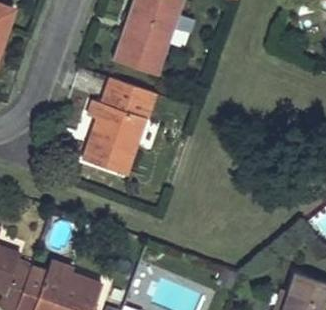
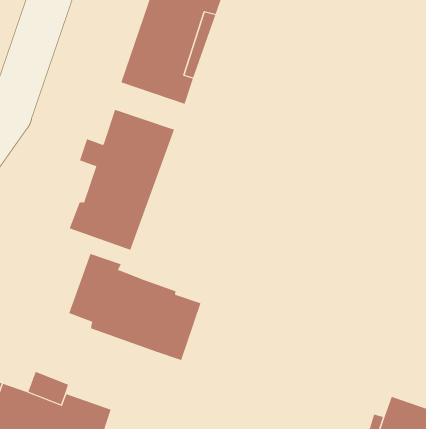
building: none -> [68,253,201,361]

